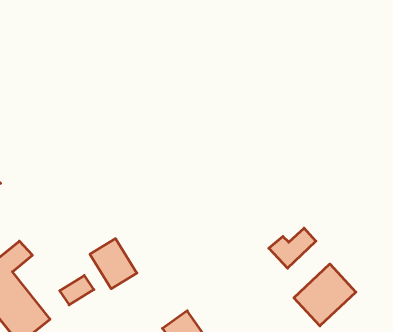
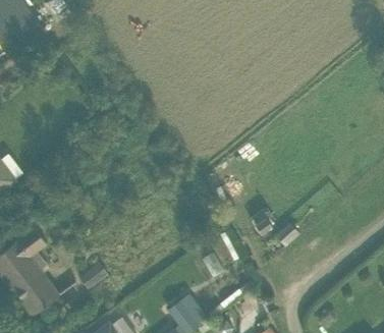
building: [90,239,137,289] -> none
building: [294,264,356,326] -> none

